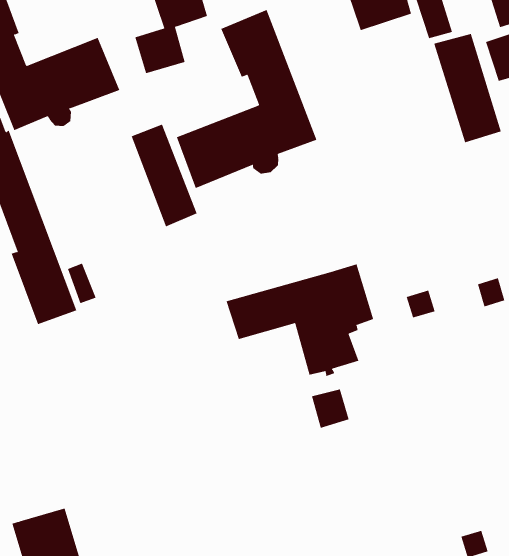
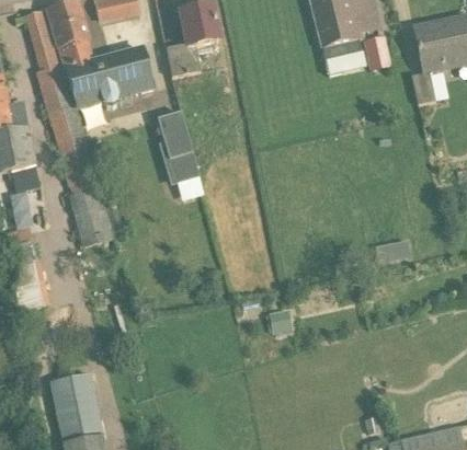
building: [176,9,317,189] -> none
building: [433,33,502,143] -> none
building: [226,263,374,377] -> none

